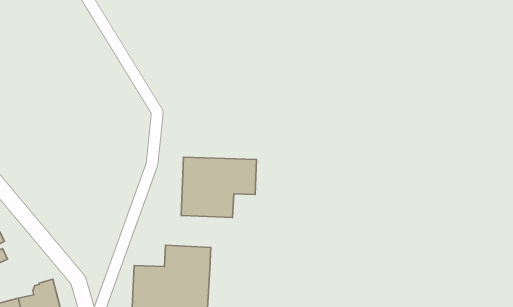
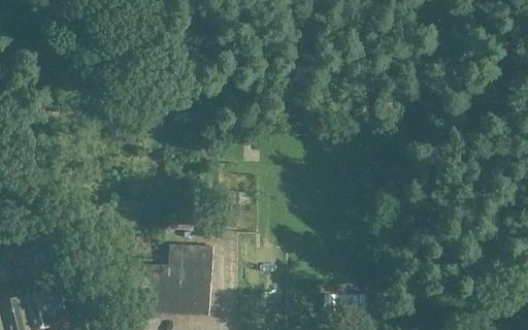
building: [181,157,257,218] -> none

